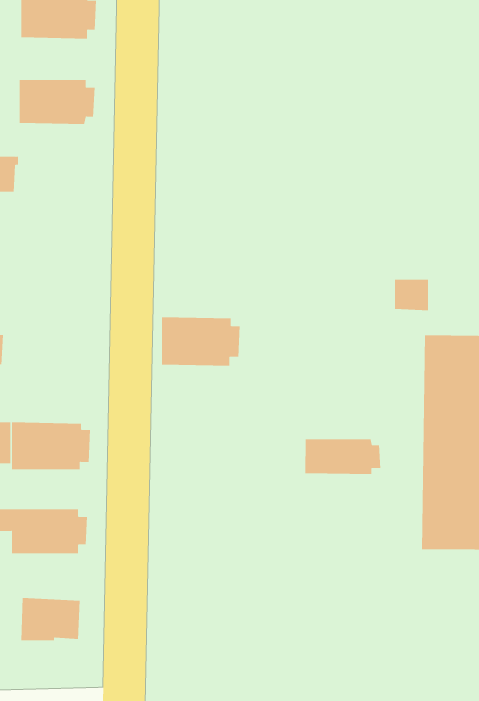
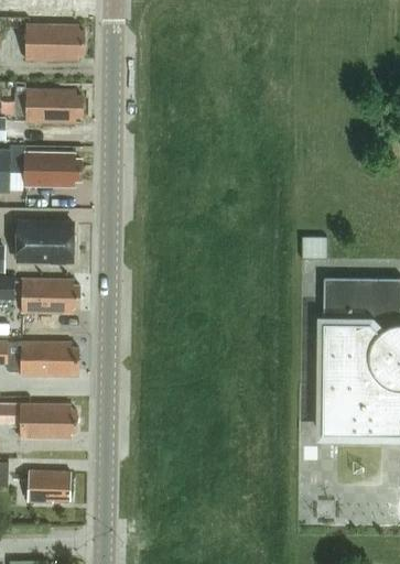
building: none -> [22,152,80,186]
building: none -> [17,221,73,262]
building: [161,317,241,366] -> [21,278,79,314]
building: [305,439,381,475] -> none

